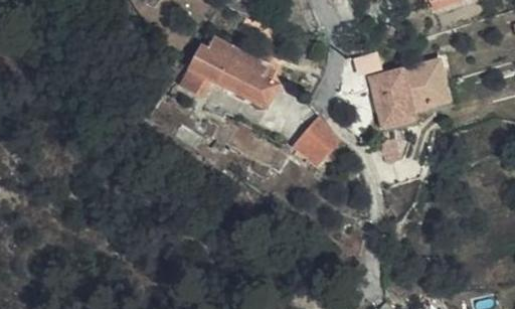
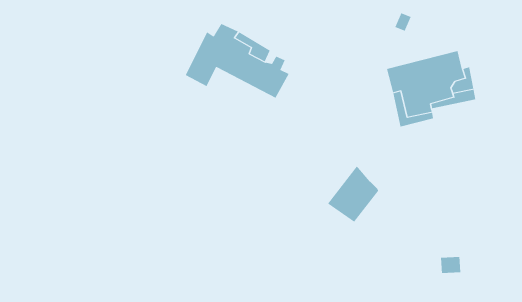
building: [291,113,340,167] -> [327,165,379,223]

